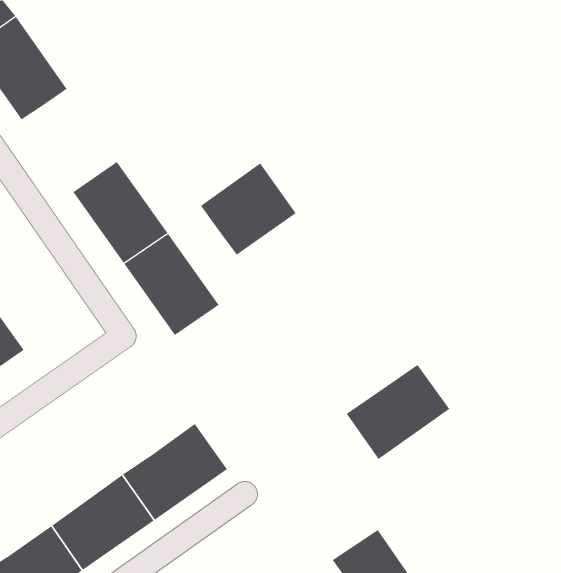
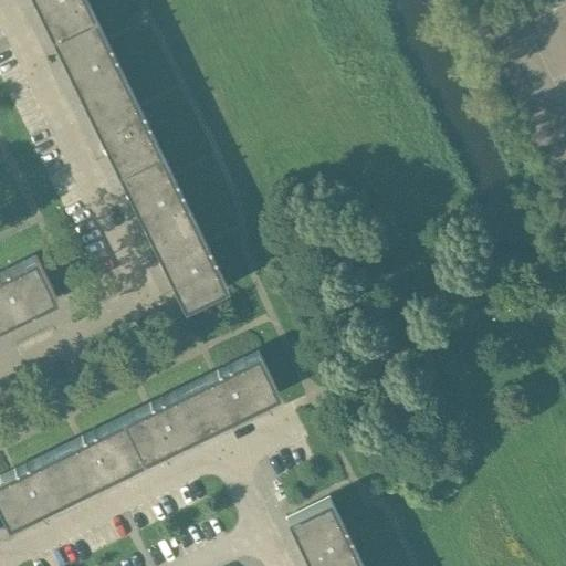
building: none -> [87,91,163,178]
building: [200,162,297,256] -> none
building: [346,364,450,460] -> [192,357,281,432]

